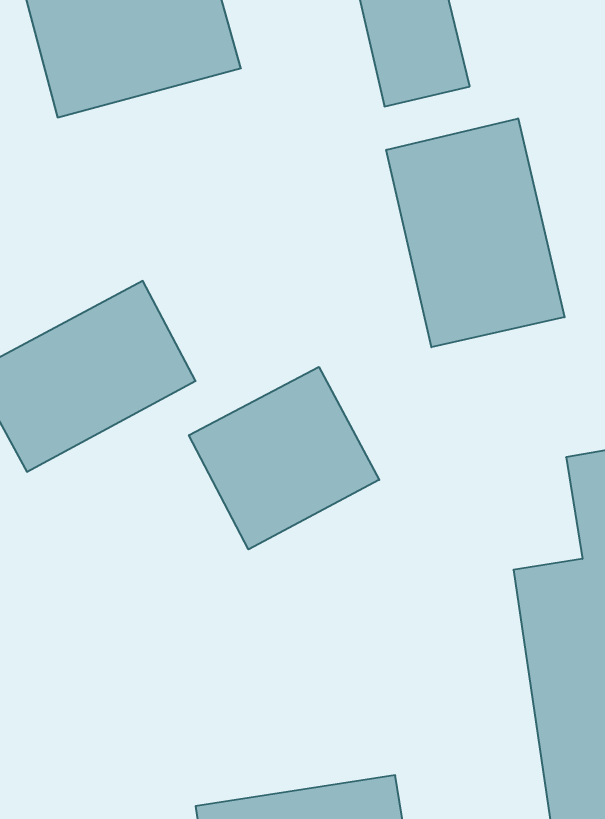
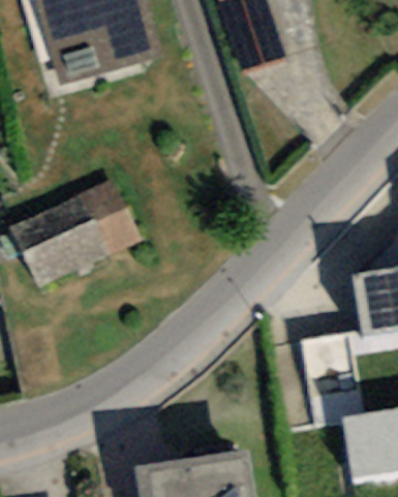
building: [386,118,565,347] -> none
building: [189,367,379,549] -> none

